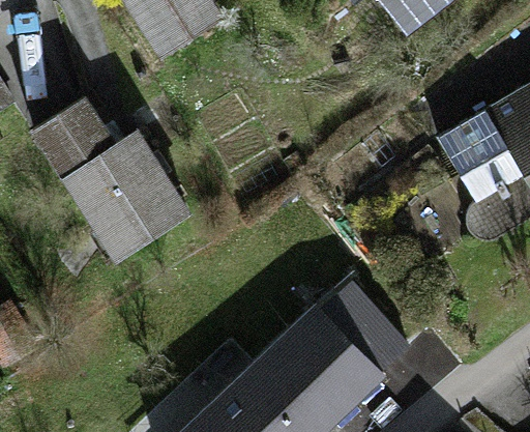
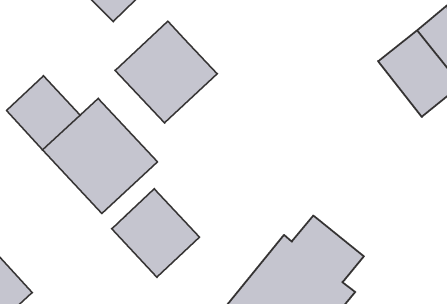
building: none -> [115,21,217,123]
building: none -> [112,189,199,277]

